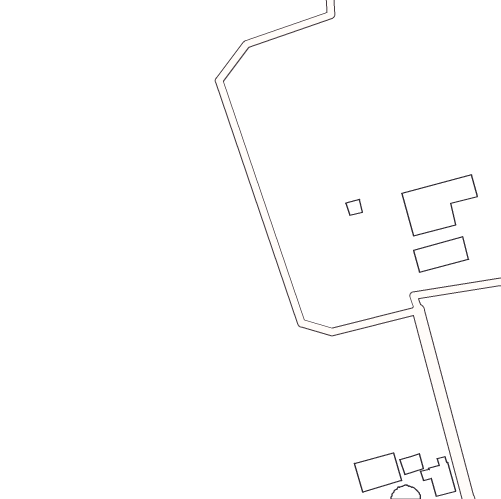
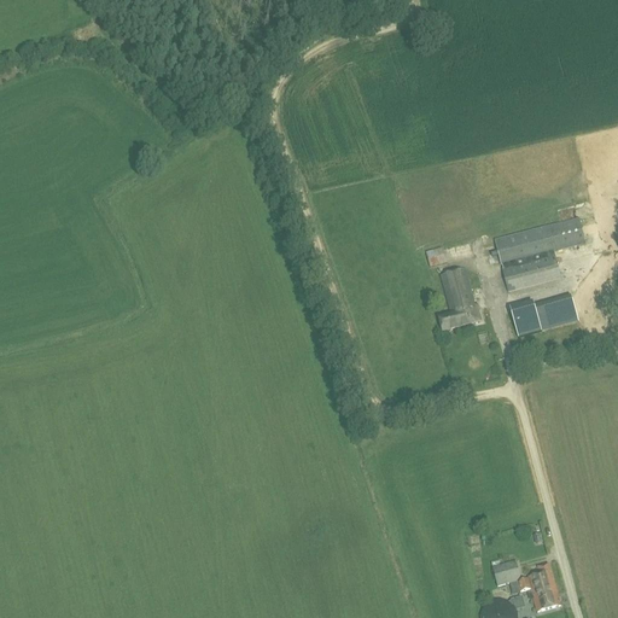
building: none -> [438,267,480,330]
building: [354,453,402,492] -> none

